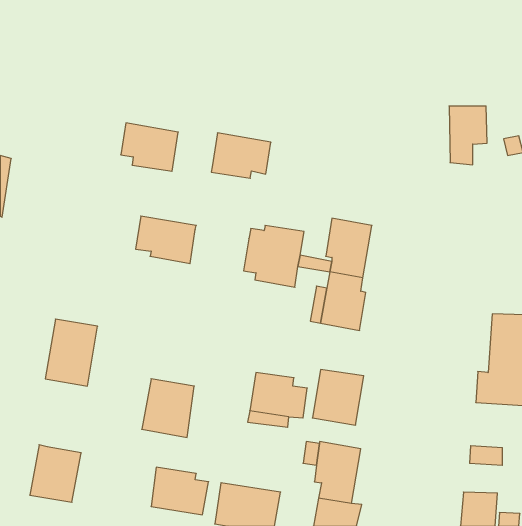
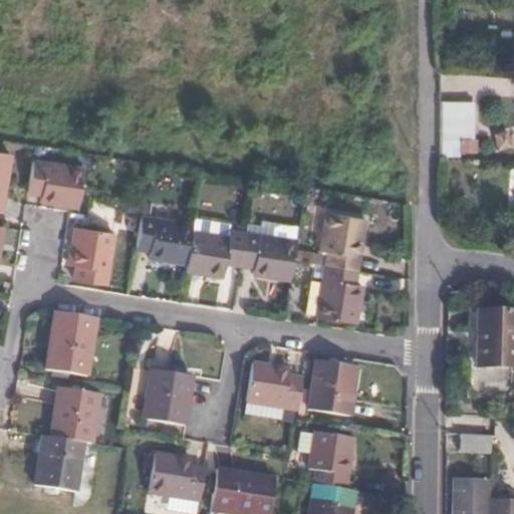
building: [121,123,178,171] -> [30,160,86,207]
building: [211,133,271,178] -> [188,224,246,268]
building: none -> [72,218,117,276]
building: none -> [49,387,98,443]

